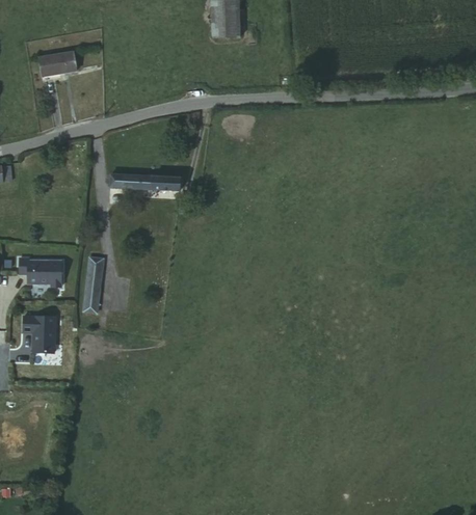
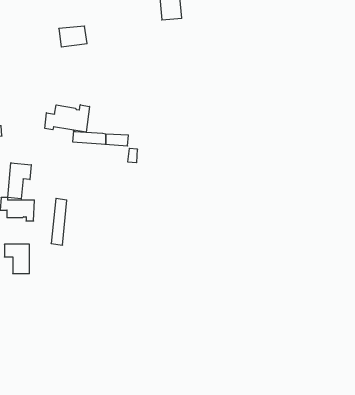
building: [36,48,72,74] -> [59,26,87,47]
building: none -> [45,105,89,132]
building: none -> [8,163,31,199]

